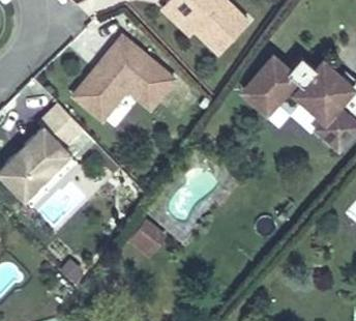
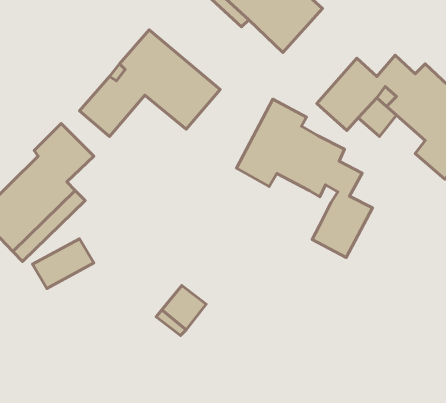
building: none -> [236,99,373,257]

